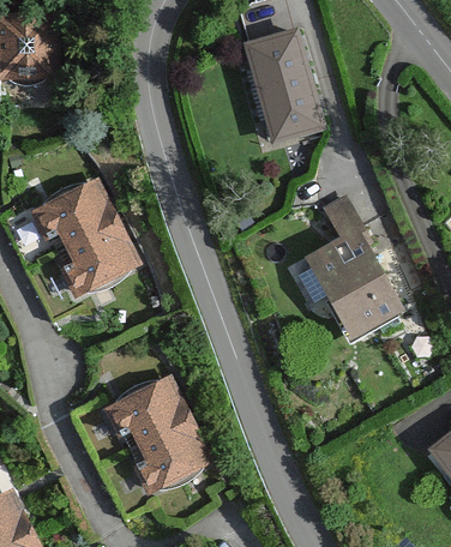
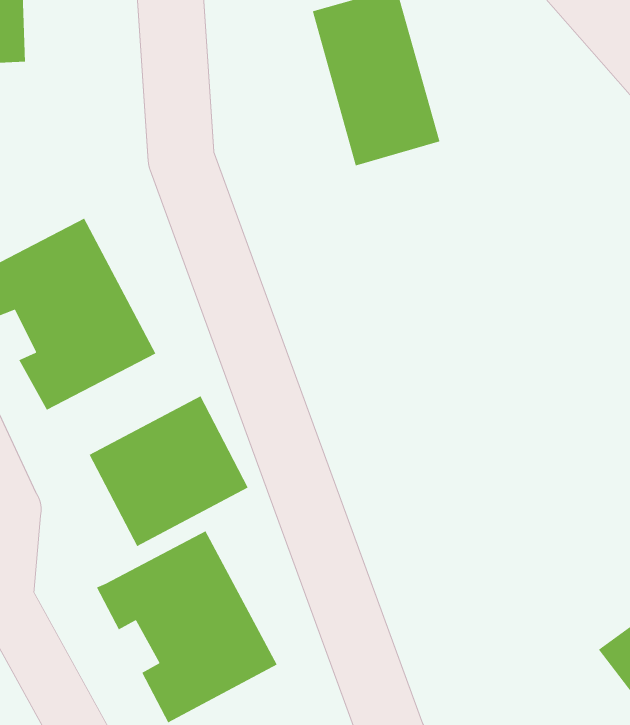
building: [302,198,401,339] -> none
building: none -> [89,395,249,547]

